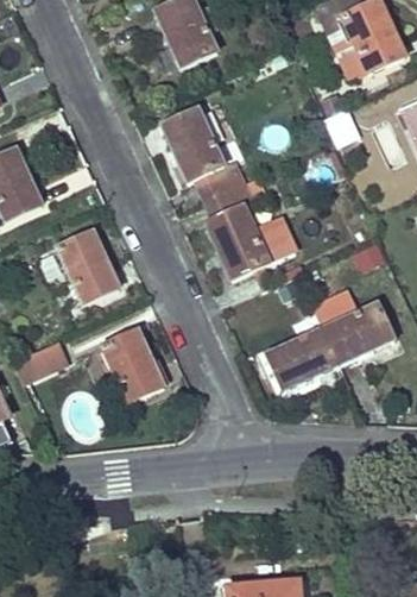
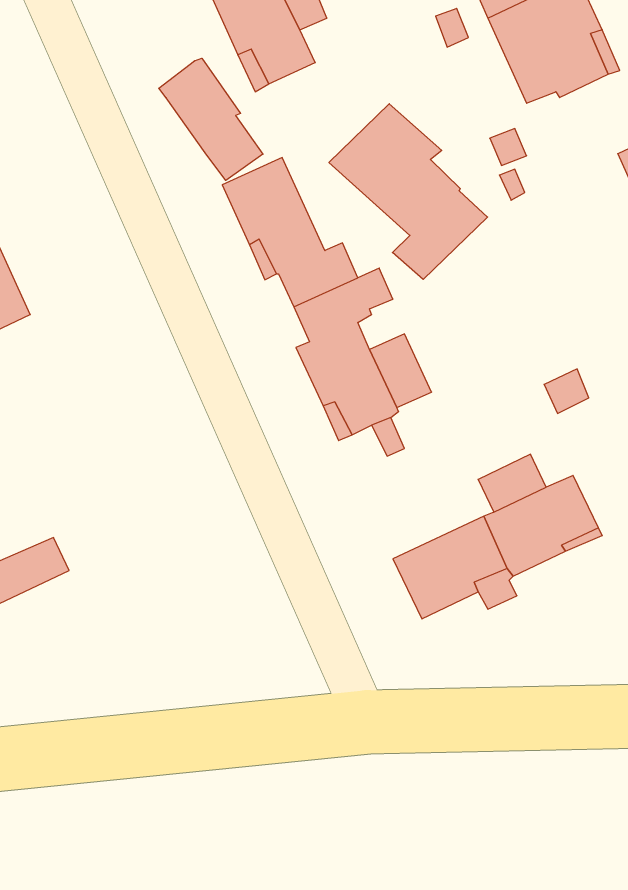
building: none -> [159,58,263,180]
building: none -> [329,104,488,279]
building: [58,231,119,303] -> none
building: [101,329,163,400] -> none

